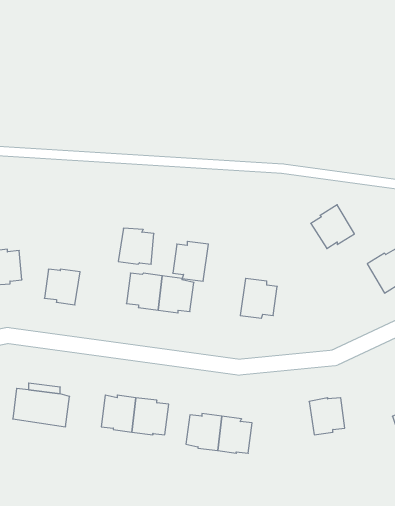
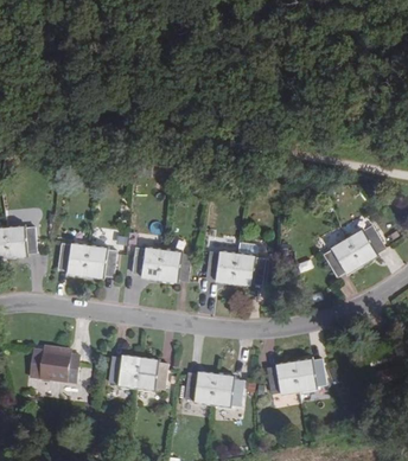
building: [311,205,354,249] -> [323,238,362,277]
building: [118,228,154,264] -> [84,245,116,277]
building: [173,241,208,281] -> [205,249,237,284]
building: none -> [266,361,299,395]

